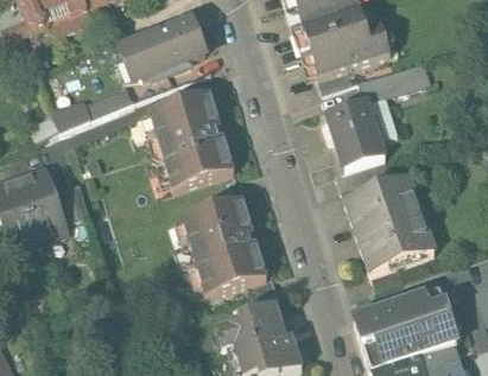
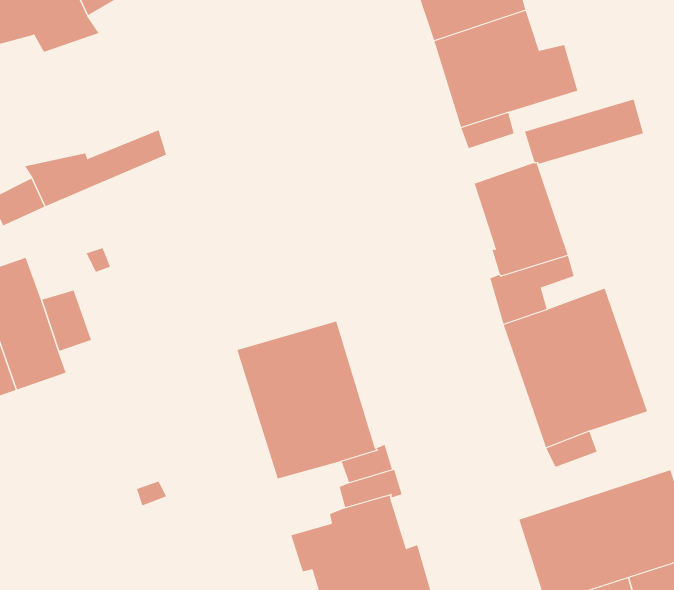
building: [122,8,216,81] -> none
building: [152,88,237,187] -> none

